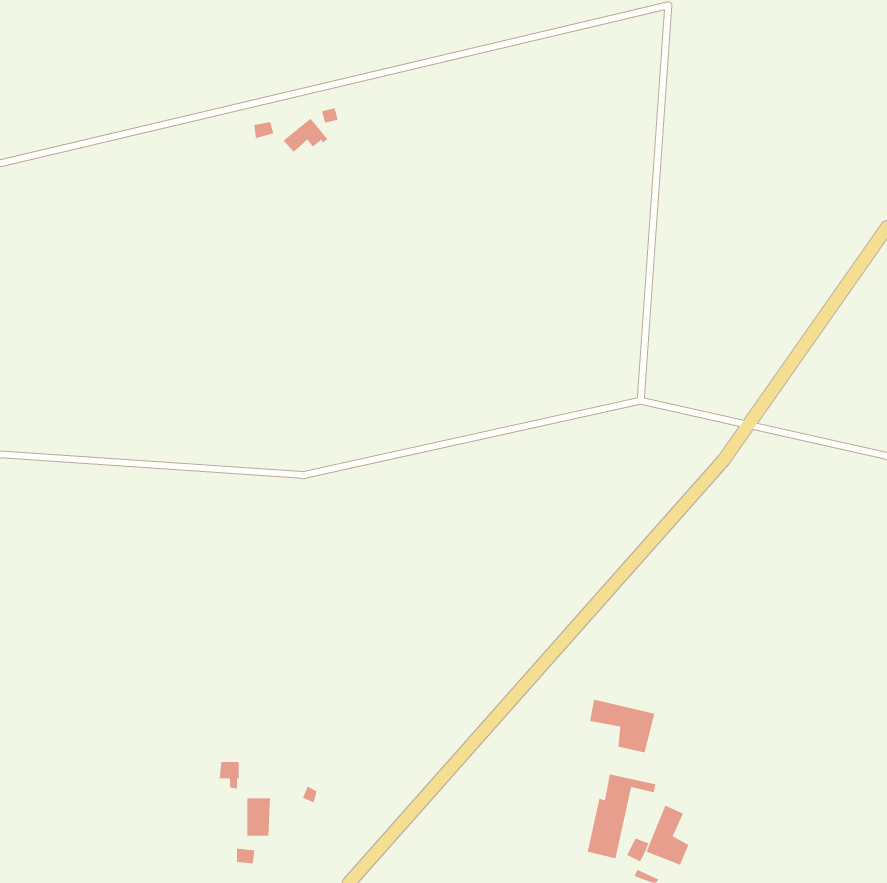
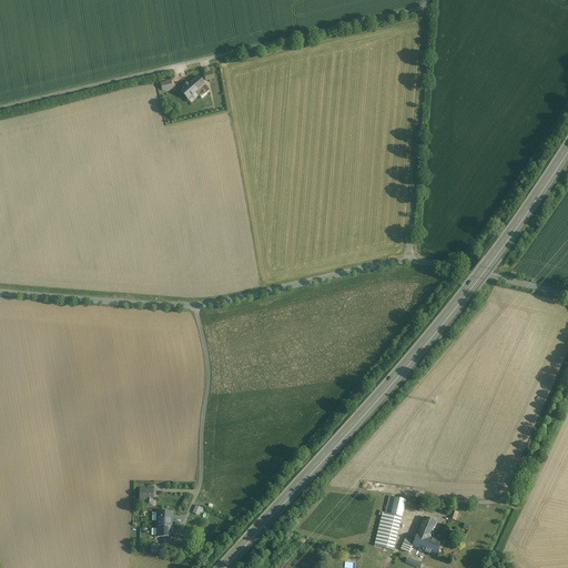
building: [590,699,655,753] -> none

